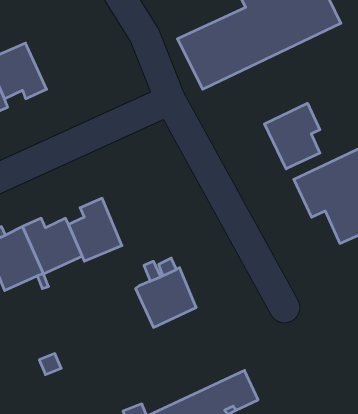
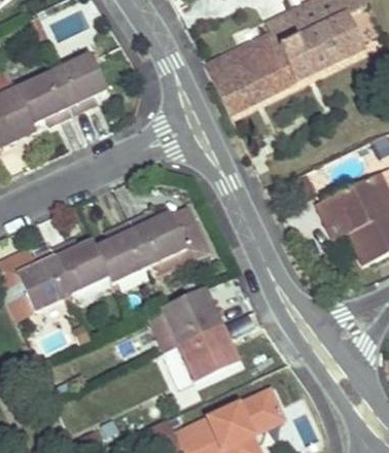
building: none -> [55,51,108,113]
building: [264,103,320,169] -> none
building: none -> [130,206,208,277]
building: none -> [180,327,239,383]

